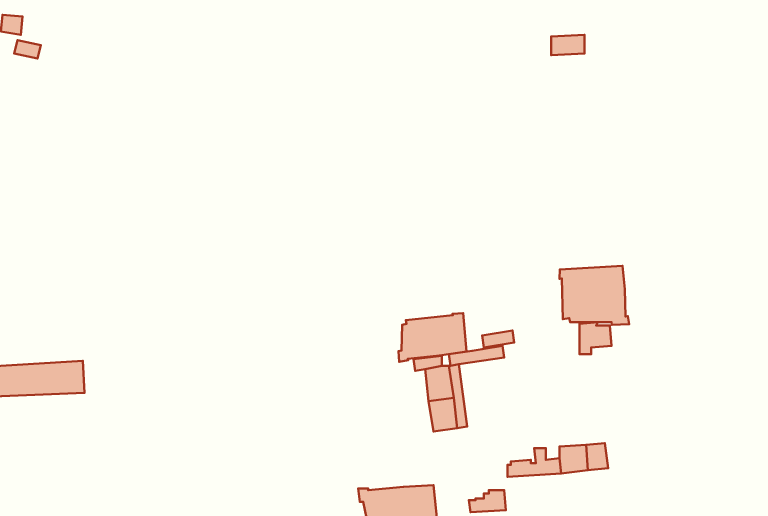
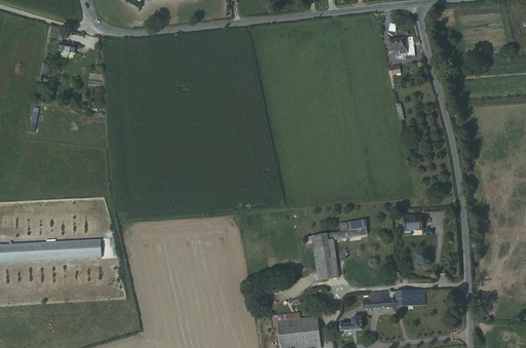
building: [560,266,629,325] -> none
building: [398,313,467,362] -> none

